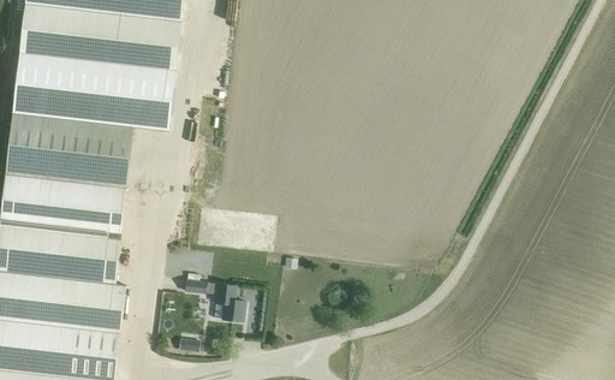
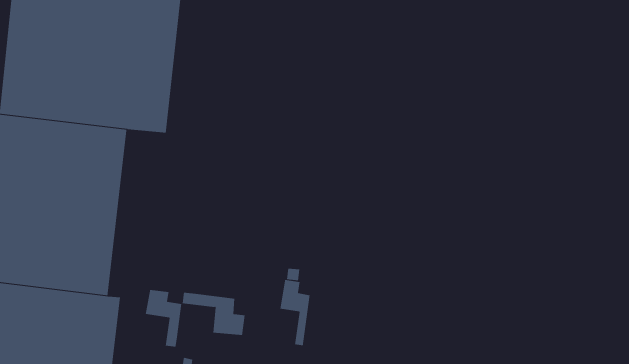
building: none -> [280,279,310,346]
building: none -> [145,289,182,348]

